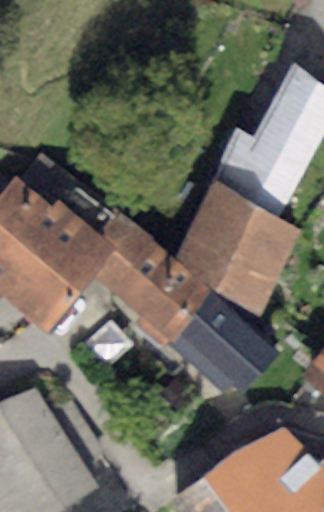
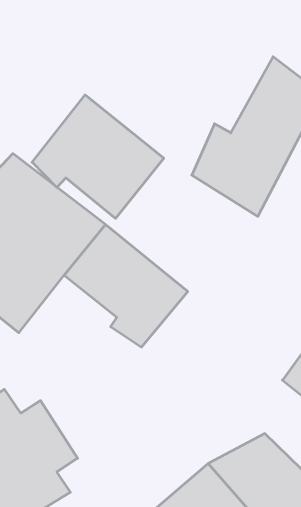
building: none -> [32,95,164,218]
building: [177,178,300,321] -> none
building: [165,291,278,394] -> none

